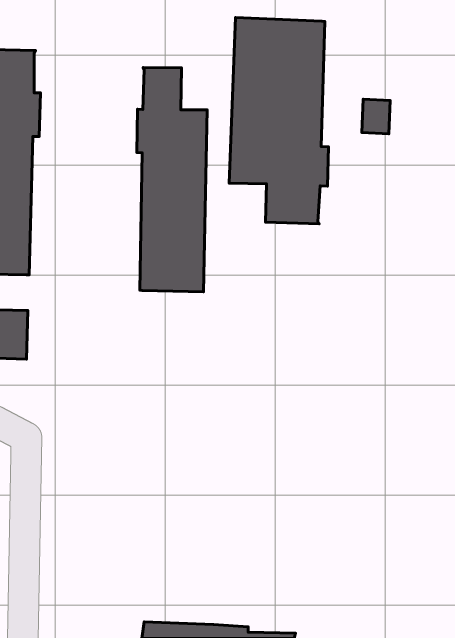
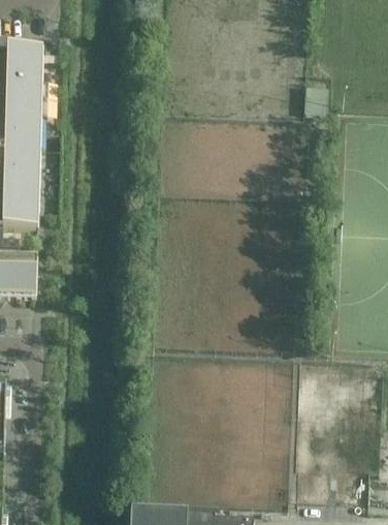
building: [229,18,329,224] -> none
building: [137,67,207,292] -> none

